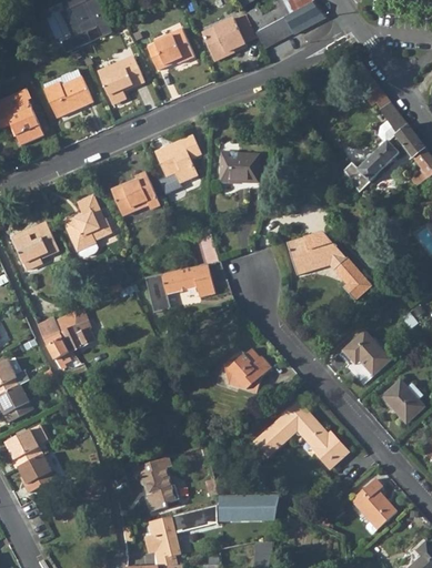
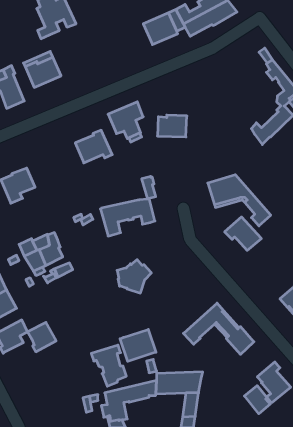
building: [147,28,194,70] -> none
building: [98,55,144,102] -> none
building: [64,196,112,257] -> none
building: [343,331,392,375] -> [225,217,261,250]
building: [225,348,271,393] -> [117,260,151,293]
building: none -> [120,329,156,361]
building: [18,454,56,493] -> [28,322,56,352]
building: none -> [244,386,270,414]

